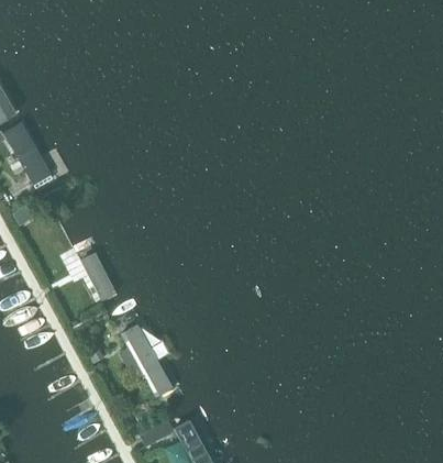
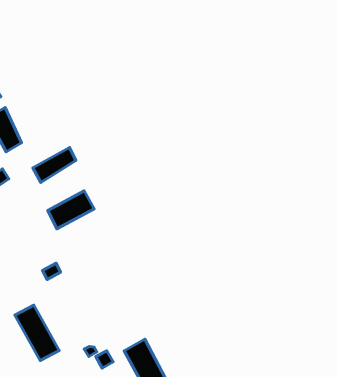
building: none -> [33,148,76,182]
building: [120,324,174,392] -> [15,305,59,360]

